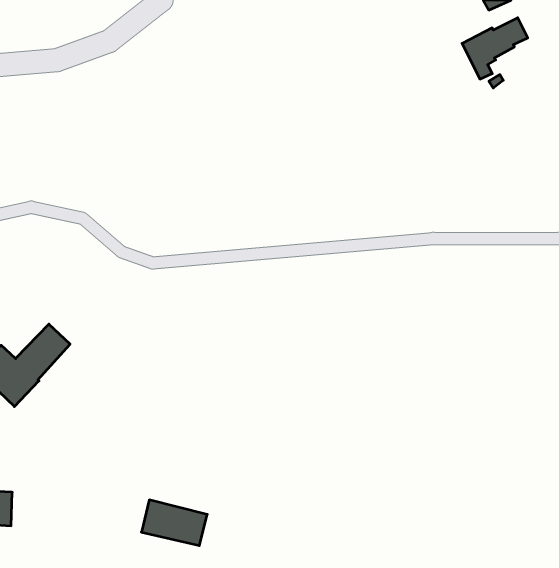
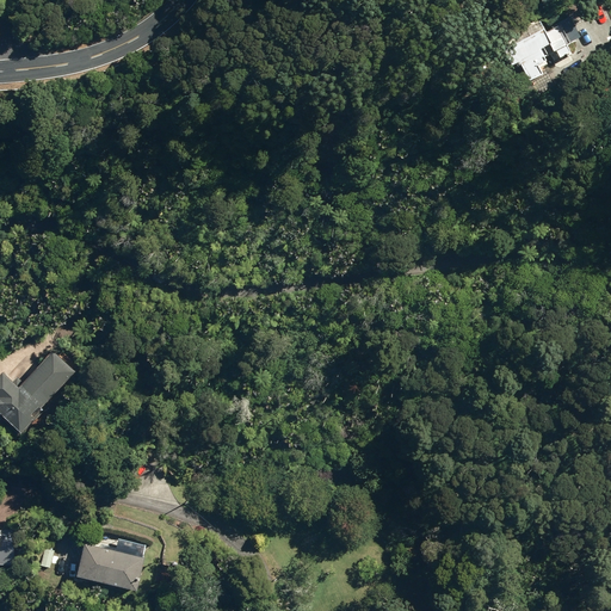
building: [141,500,207,546] -> [75,542,146,591]

